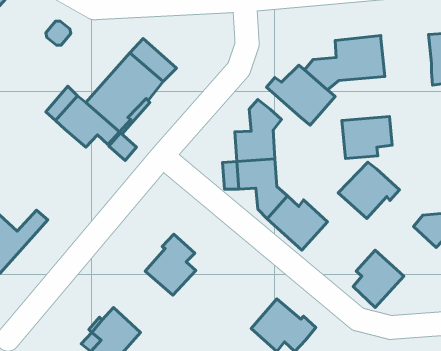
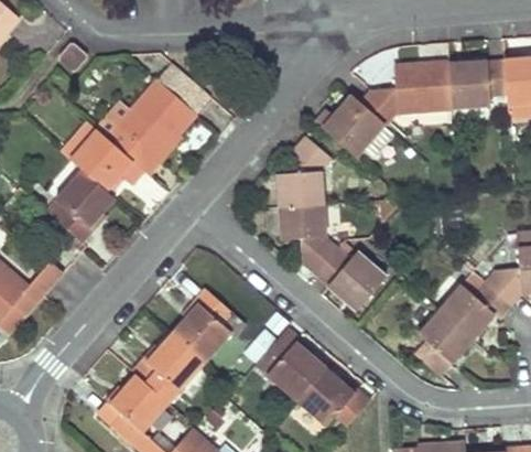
building: [342,117,392,159] -> [446,60,505,108]
building: none -> [45,169,113,244]
building: [338,162,399,219] -> [440,273,510,338]
building: none -> [257,327,326,399]
building: none -> [133,333,206,403]

